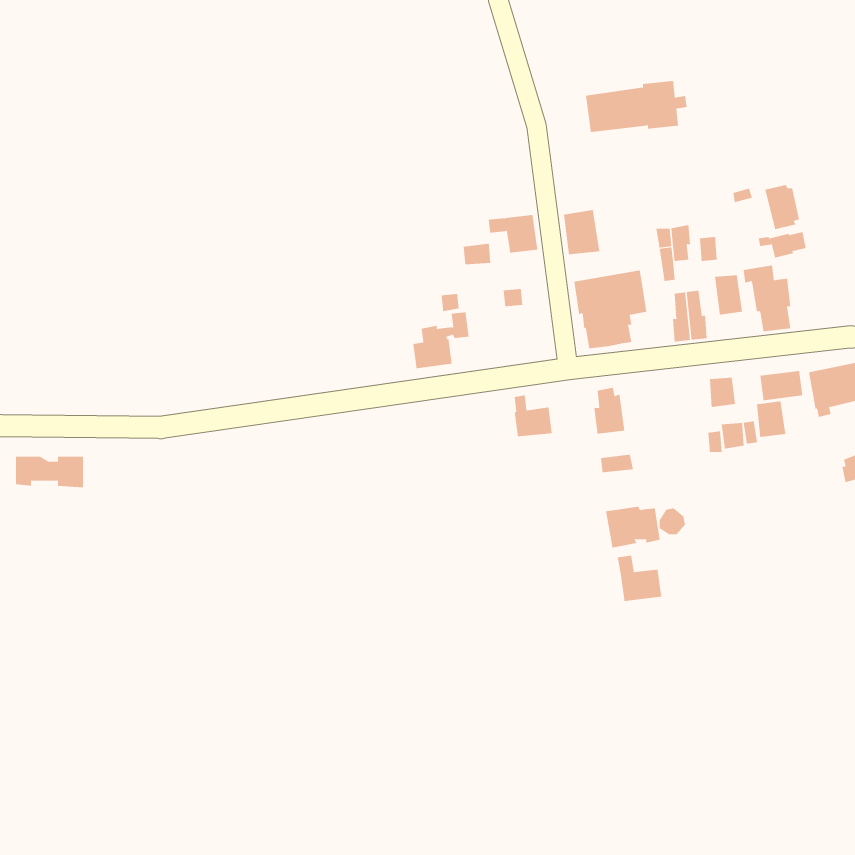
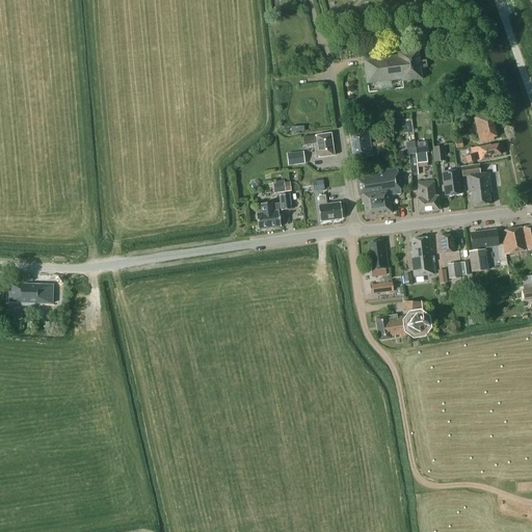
building: none -> [411,237,436,275]
building: [514,395,552,437] -> [319,194,343,220]
building: [617,555,662,602] -> none

